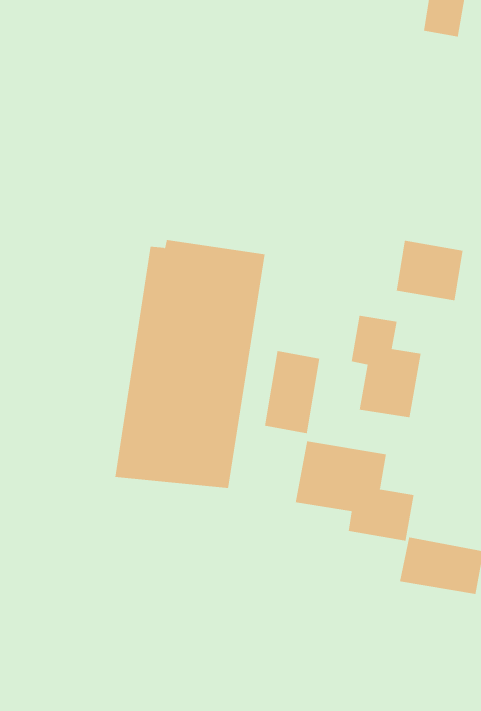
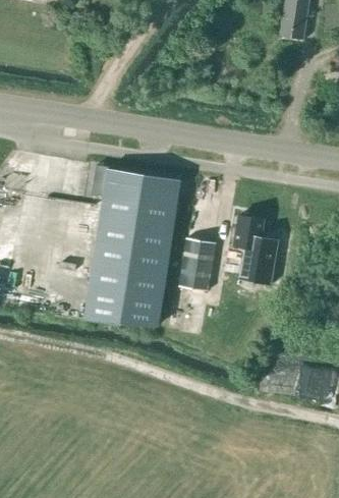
building: [396,240,463,301] -> none
building: [295,441,414,541] -> none

